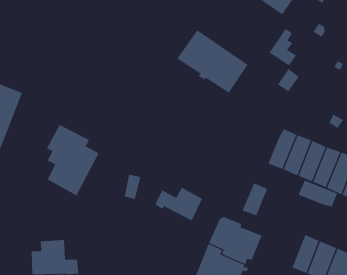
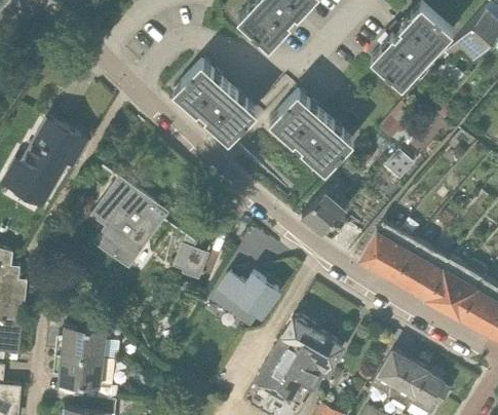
building: none -> [171,62,256,144]
building: none -> [301,193,345,237]
building: [298,180,338,207] -> none
building: [242,182,268,216] -> none

